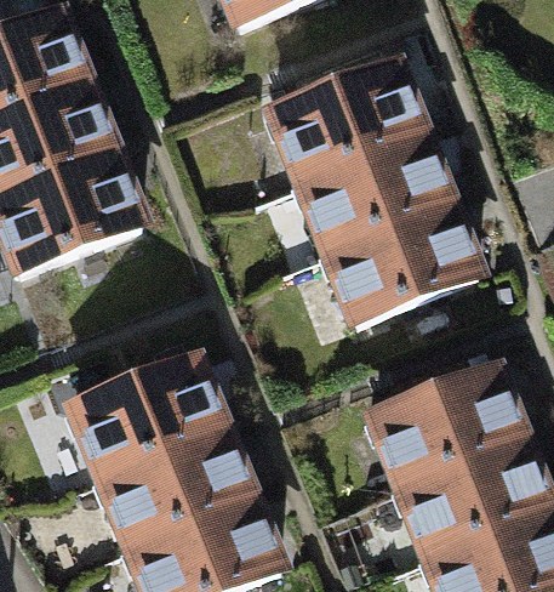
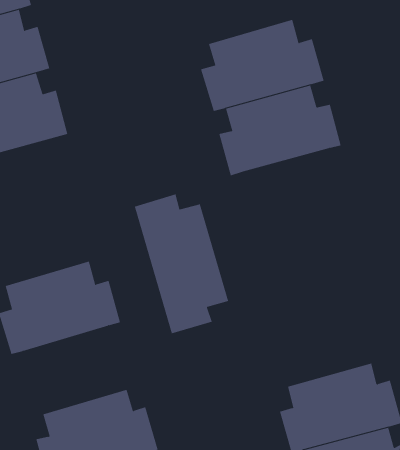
building: [333,210,473,323] -> none
building: none -> [134,193,229,334]
building: [379,374,519,488] -> none
building: [109,434,246,547] -> none

